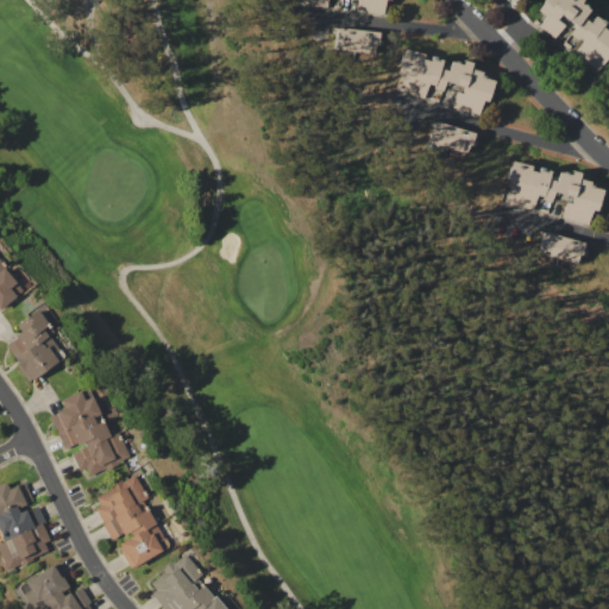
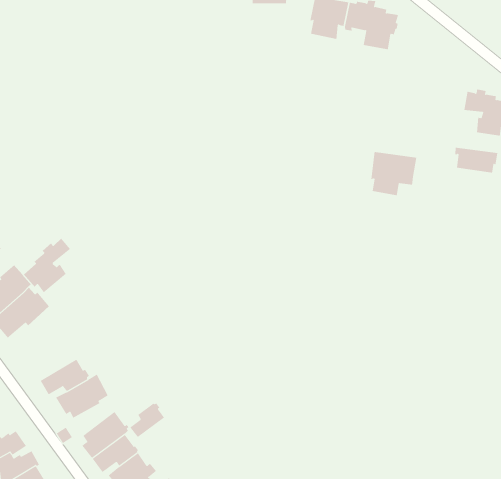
building: [428,119,477,153] -> none
building: [506,159,559,211] -> [370,152,417,196]
building: none -> [23,238,71,293]
building: [51,388,101,432] -> none
building: none -> [130,403,165,438]

